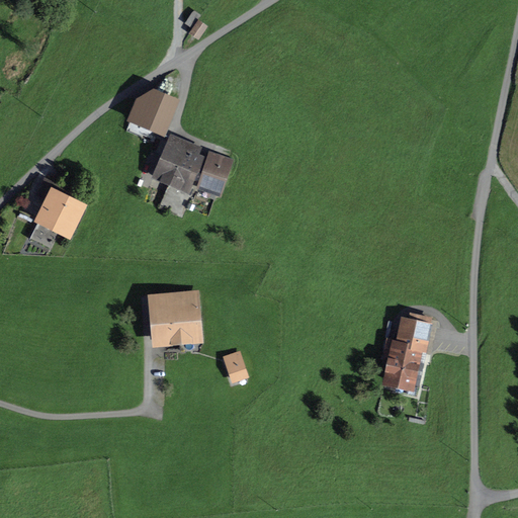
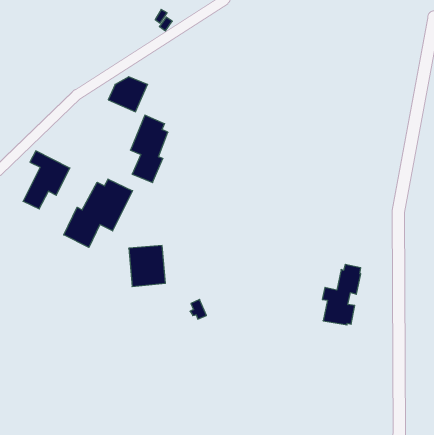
building: [198,153,228,193] -> none
building: none -> [64,179,133,247]

